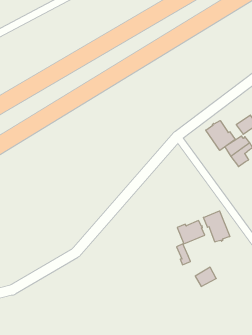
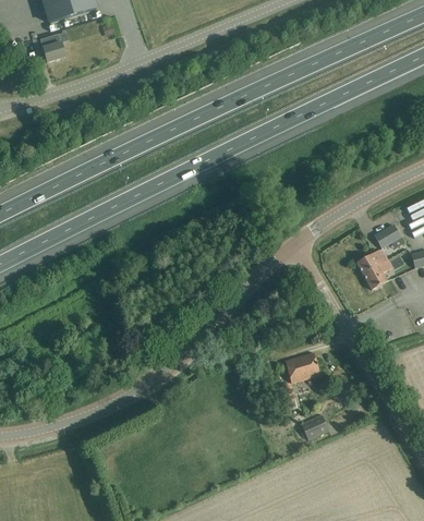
building: [206,121,235,150] -> none
building: [203,211,230,242] -> none

